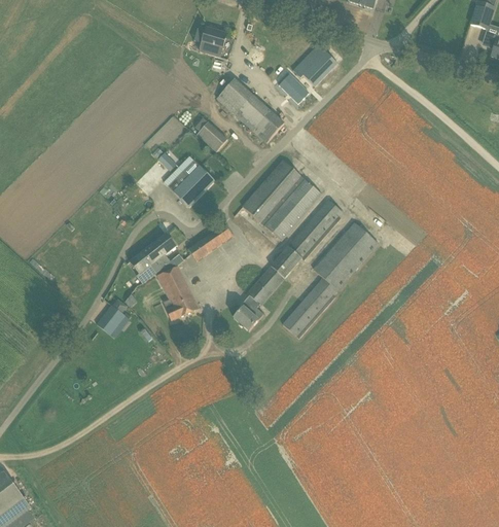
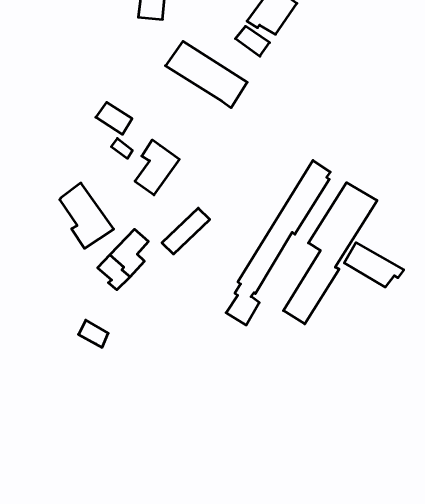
building: [195,121,226,151] -> [96,102,132,134]
building: [242,160,321,240] -> none
building: [156,264,199,320] -> [60,183,114,248]
building: none -> [344,243,404,287]

